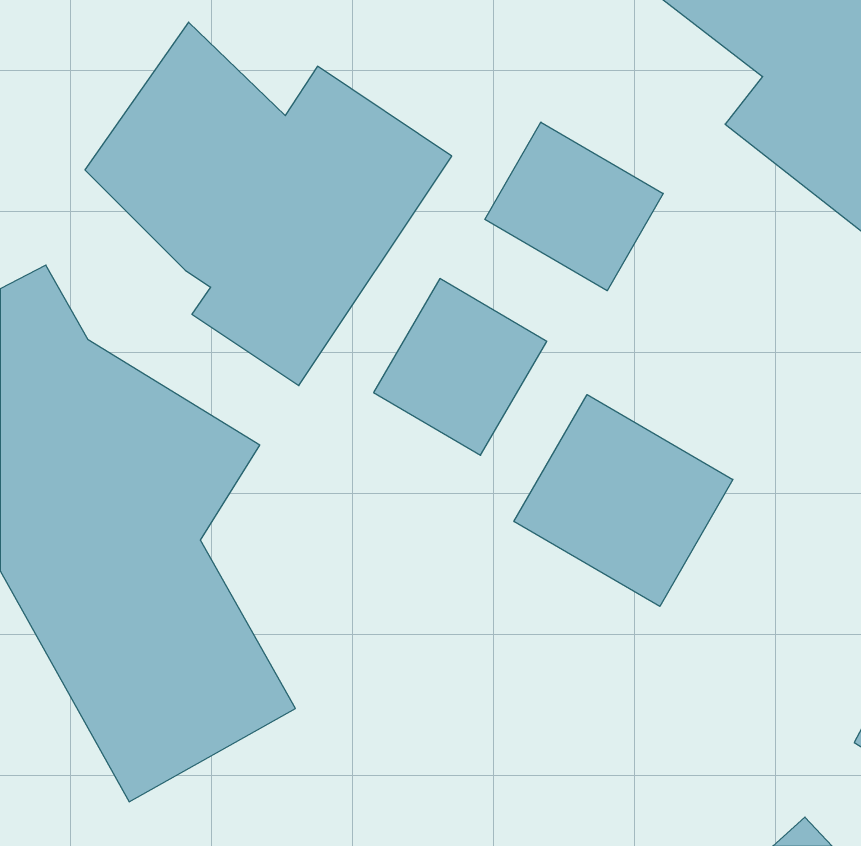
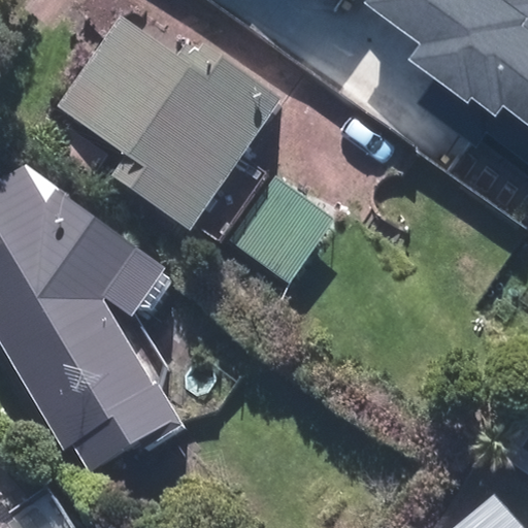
building: [485,122,663,291] -> none
building: [514,395,733,606] -> none

